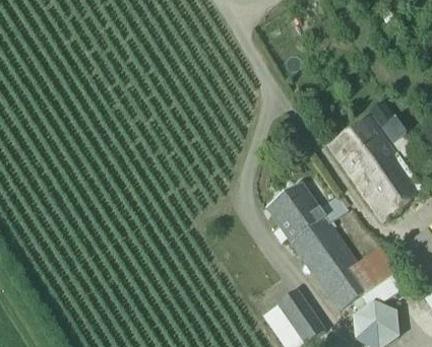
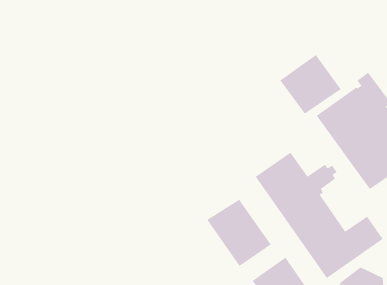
building: none -> [280,54,342,114]
building: none -> [207,199,271,267]

